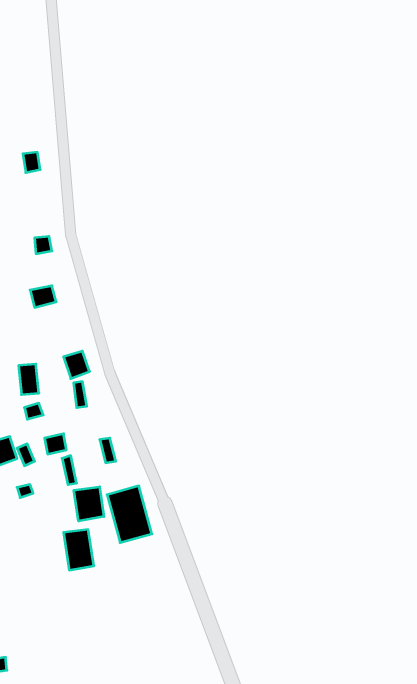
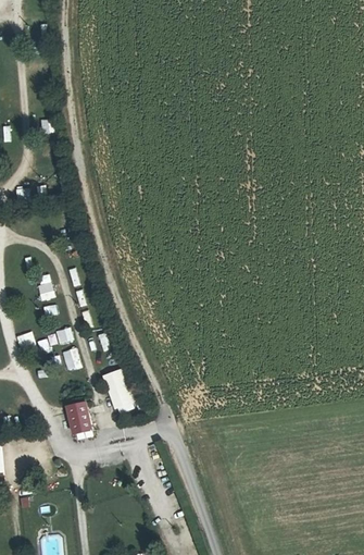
building: [74,487,104,521] -> none

